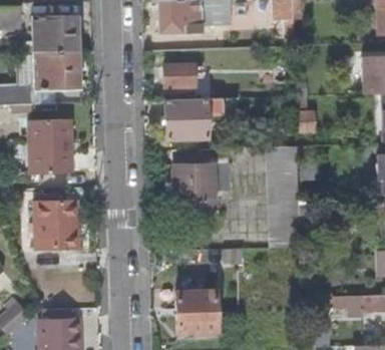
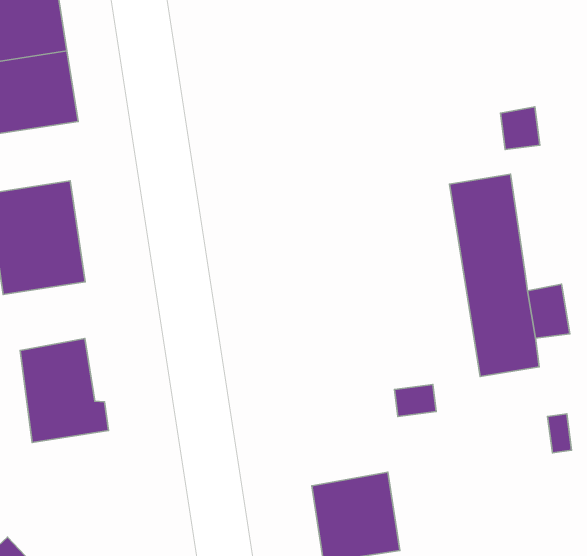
building: [165,63,206,89] -> none
building: [166,99,210,139] -> none
building: [171,147,230,205] -> none

